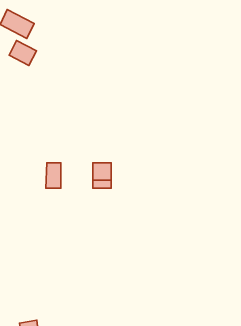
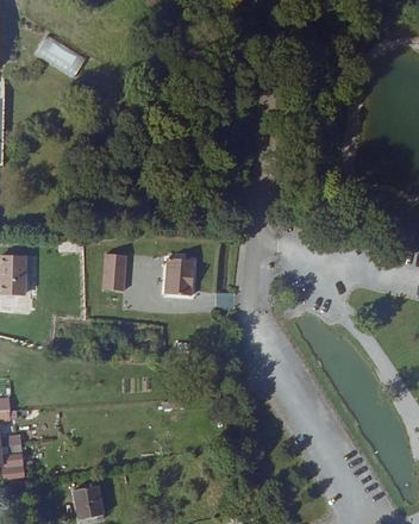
building: [9,40,37,65] -> none

